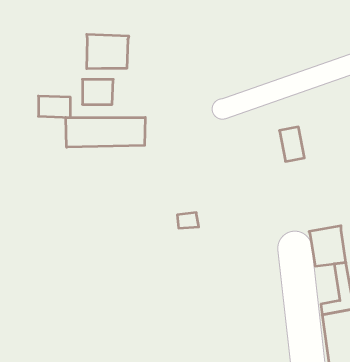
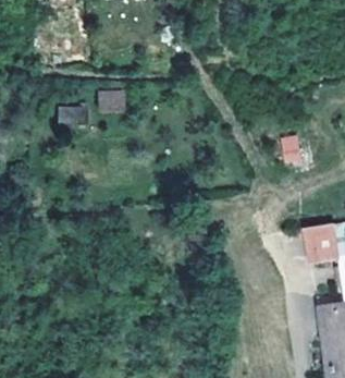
building: [87,34,129,69] -> none
building: [66,117,145,147] -> none

